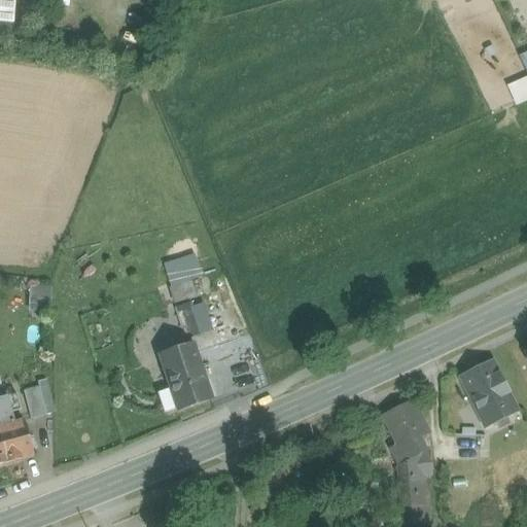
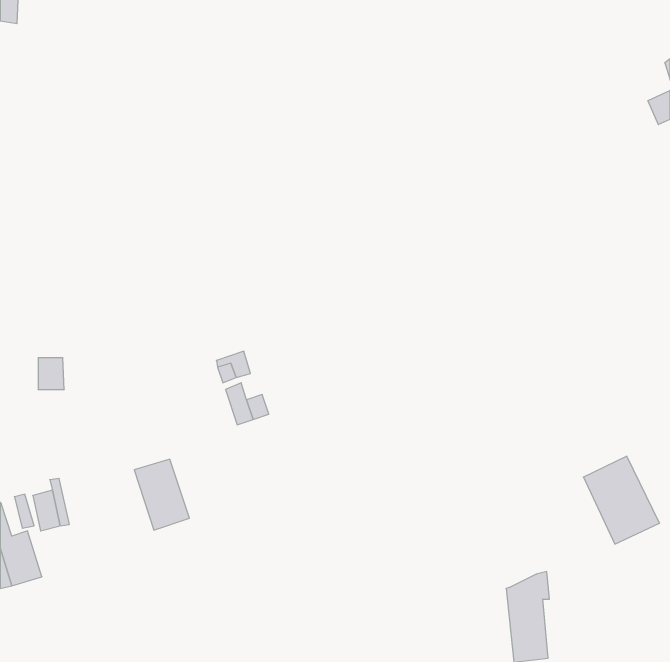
building: [165,251,200,281] -> none
building: [165,349,208,405] -> [134,459,189,530]
building: [384,398,428,461] -> none

